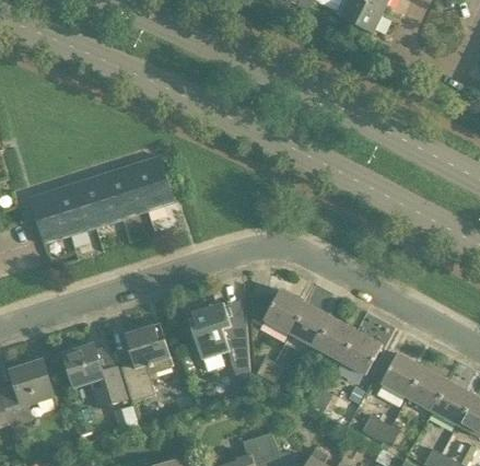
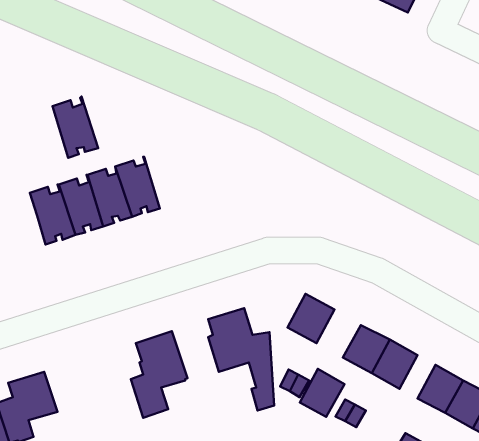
building: [132,154,174,210] -> [52,97,98,158]
building: [289,302,329,346] -> [300,369,344,417]
building: [62,342,127,407] -> none

